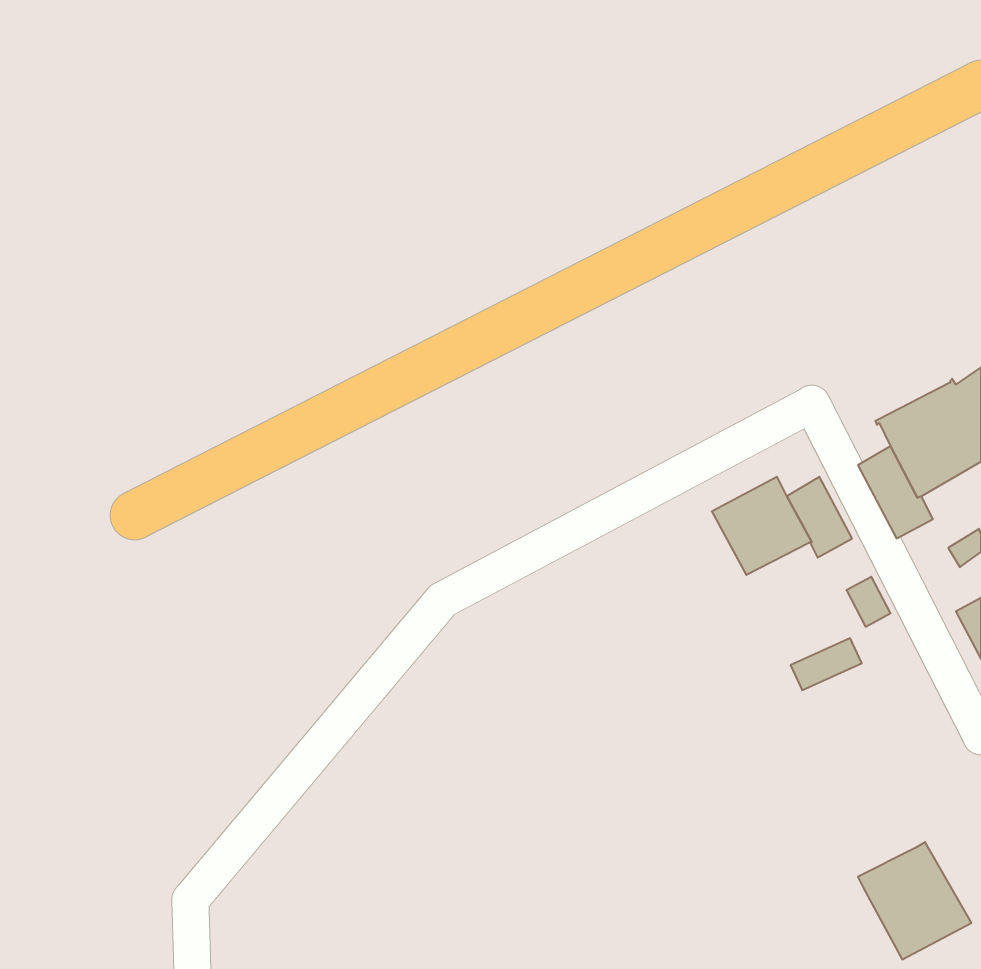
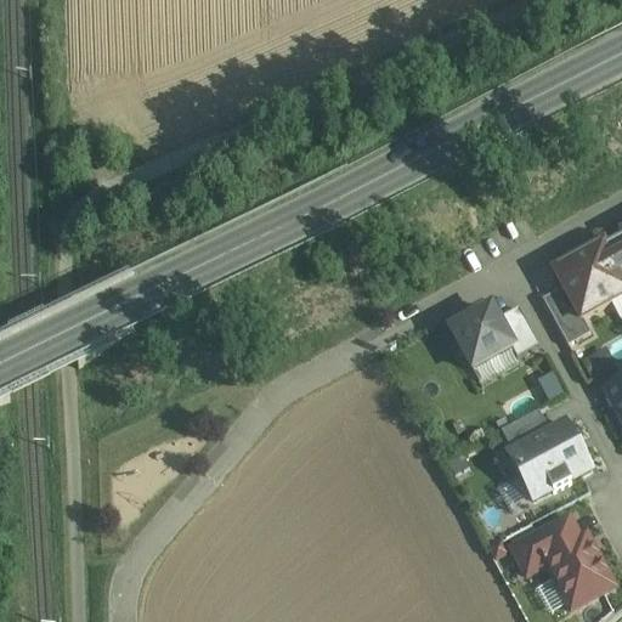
building: none -> [505,418,588,496]
building: none -> [513,516,578,572]

